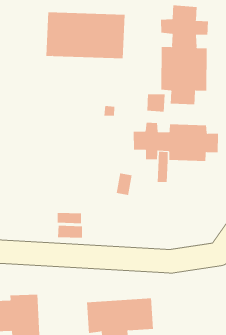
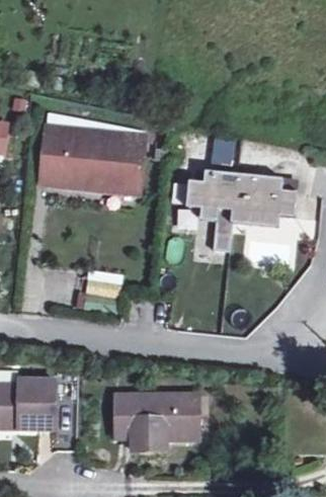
building: [161,5,209,105] -> none
building: [45,12,125,59] -> [40,128,145,193]

